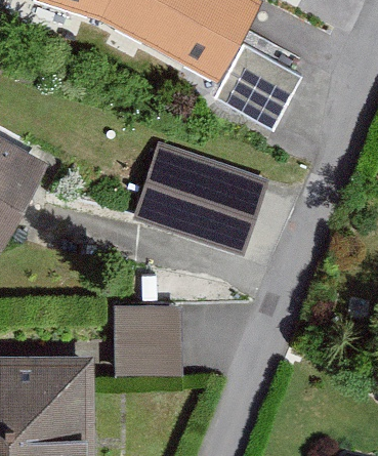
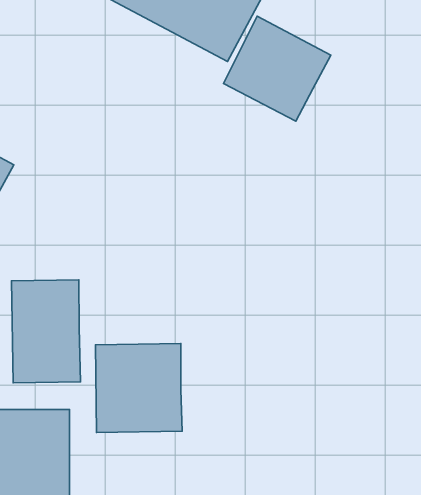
building: [132,143,267,255] -> none
building: none -> [12,280,80,383]

